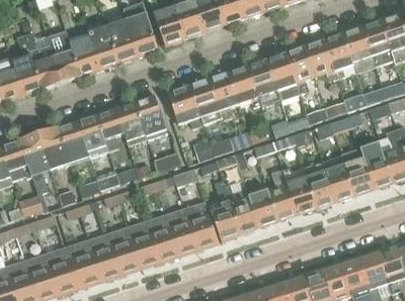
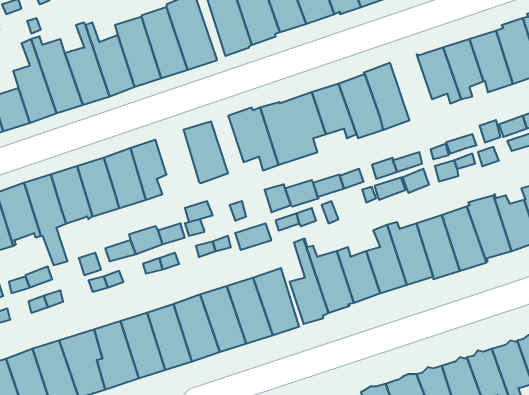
building: [285,46,315,94] -> none
building: [114,101,147,145] -> none

